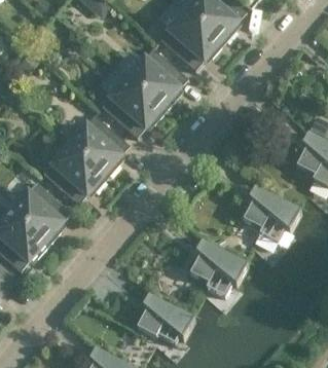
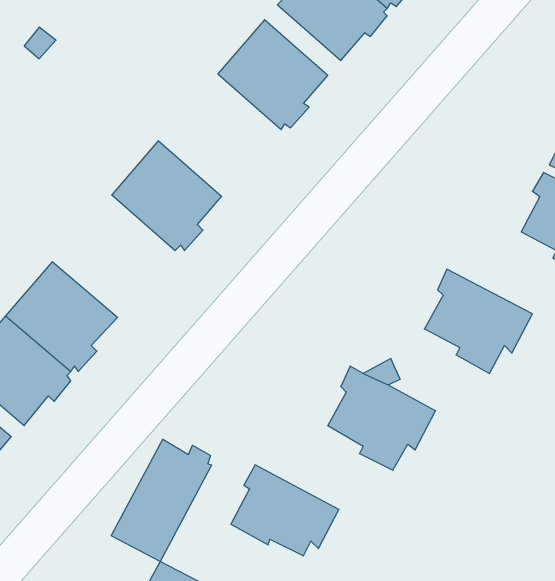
building: [101,76,162,136] -> none
building: [42,143,104,203] -> none
building: none -> [111,439,212,562]

